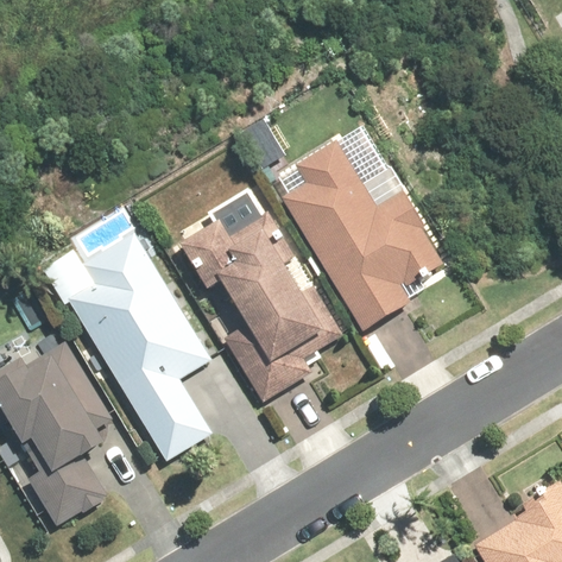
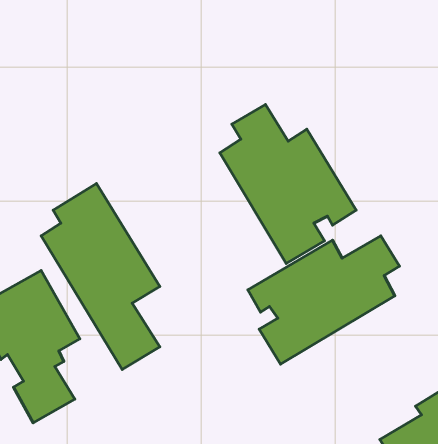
building: [177,187,342,402] -> none
building: none -> [248,236,399,364]

